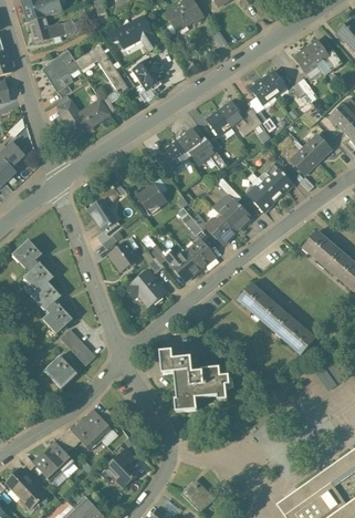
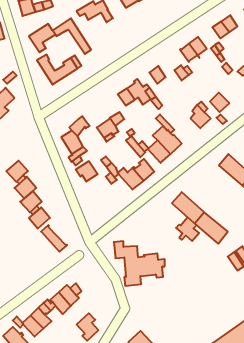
building: [132,56,167,92] -> none
building: [219,102,252,136] -> none
building: [297,128,331,162] -> none
building: [247,183,278,210] -> none
building: [126,270,165,303] -> none
building: none -> [176,217,199,241]
building: [44,355,77,388] -> none

